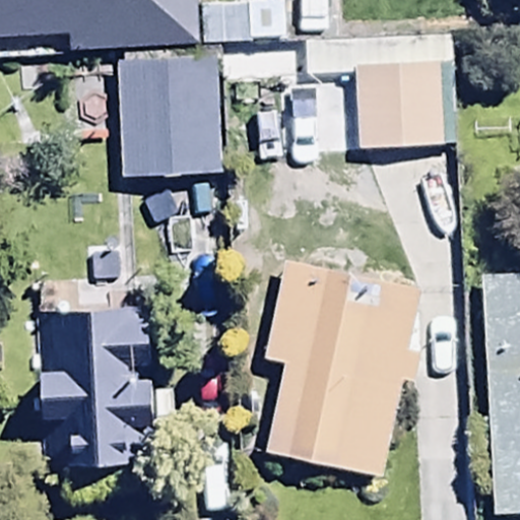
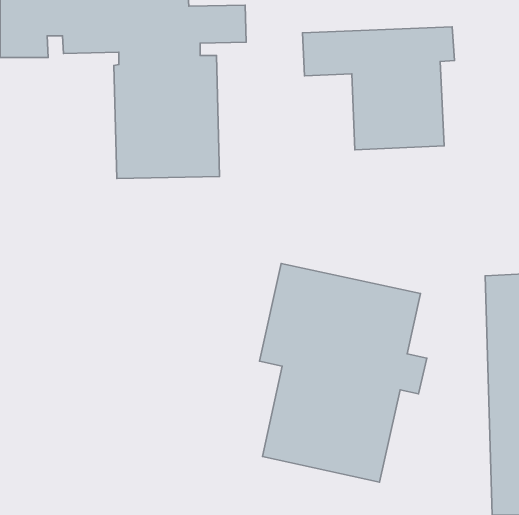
building: [37,310,155,469] -> none

